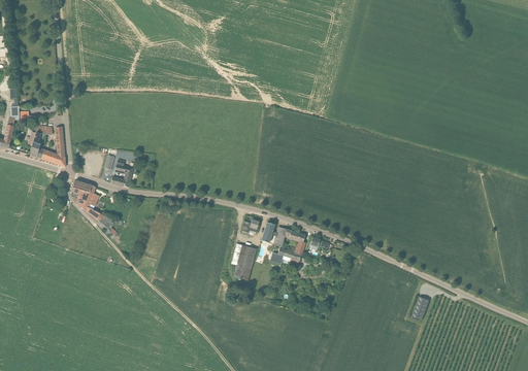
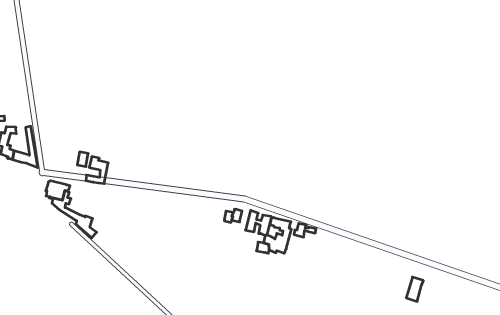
building: [232,244,256,280] -> none

